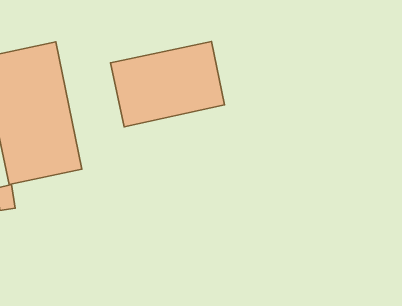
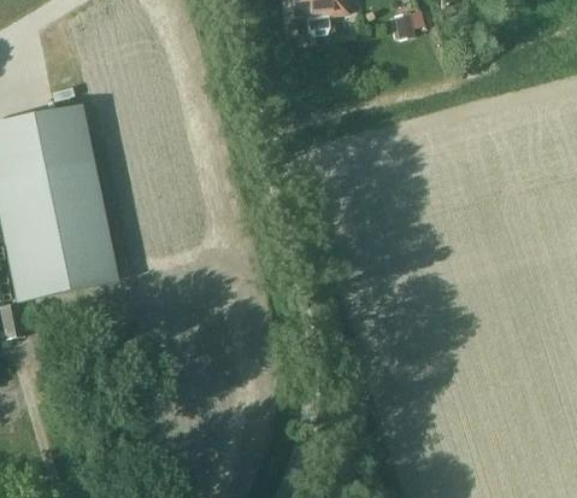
building: [111,41,225,127] -> none

